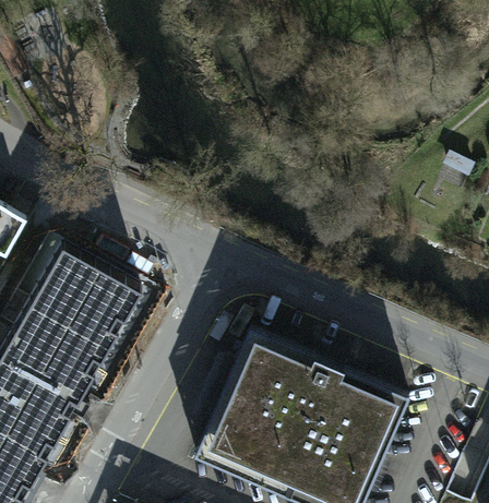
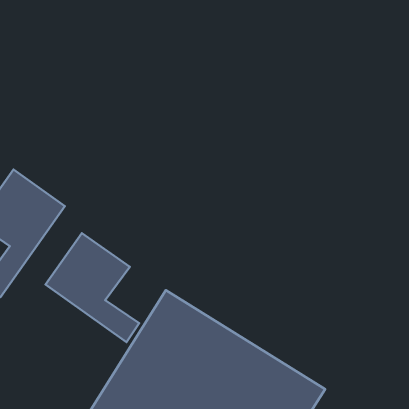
building: none -> [46,233,139,342]

